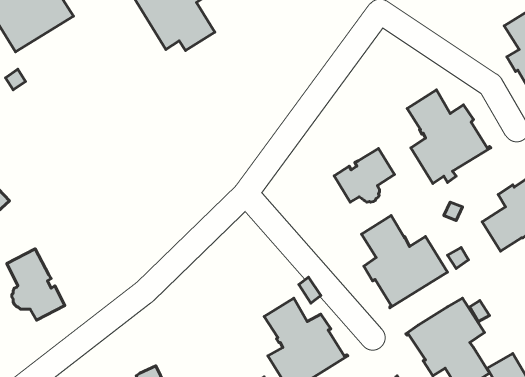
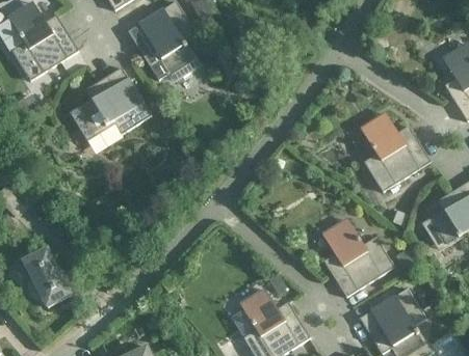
building: none -> [71,66,150,147]
building: [334,148,395,202] -> none

